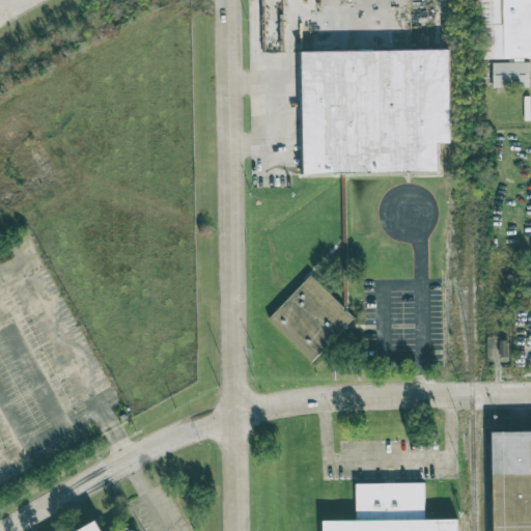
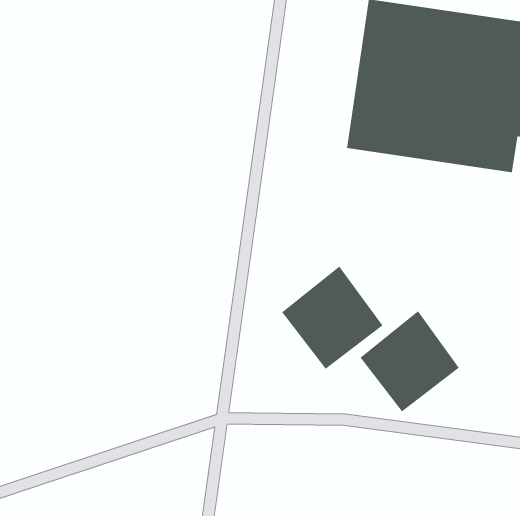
building: none -> [359,310,460,412]

